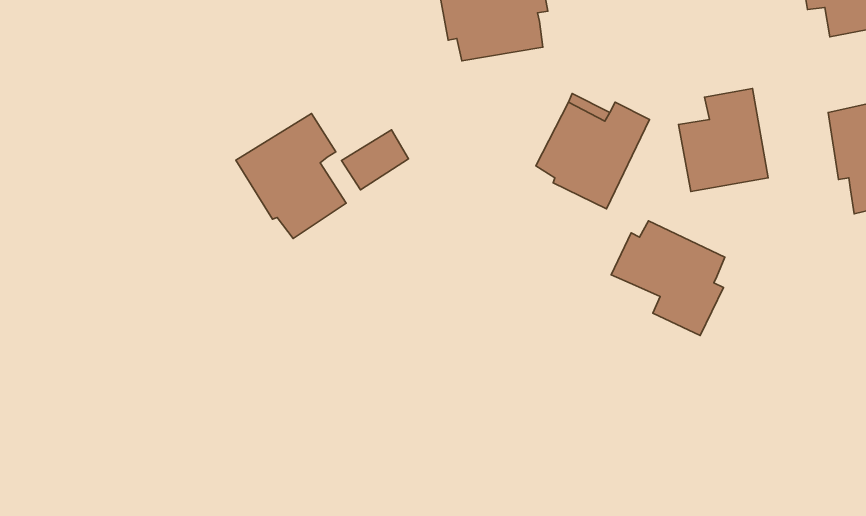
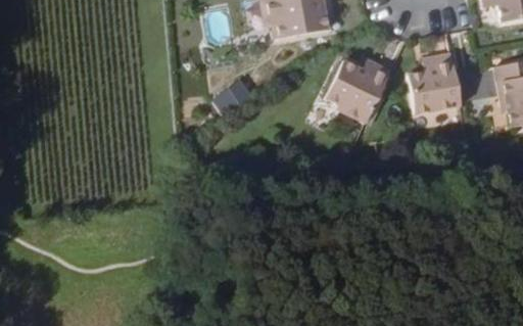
building: [236,114,346,238] -> none
building: [611,221,725,335] -> none

